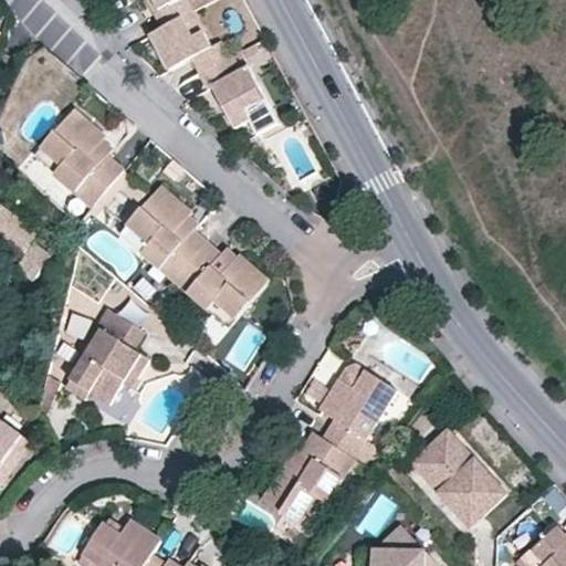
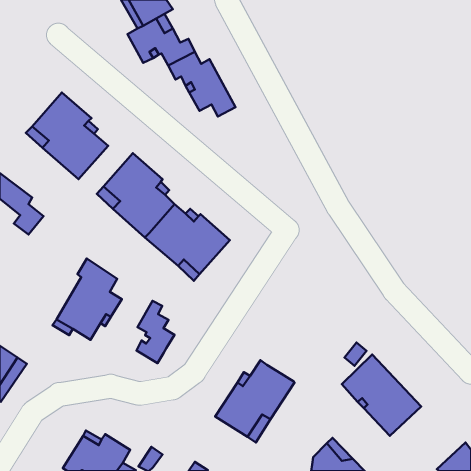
building: none -> [136,301,174,363]
building: [317,364,395,457] -> none

